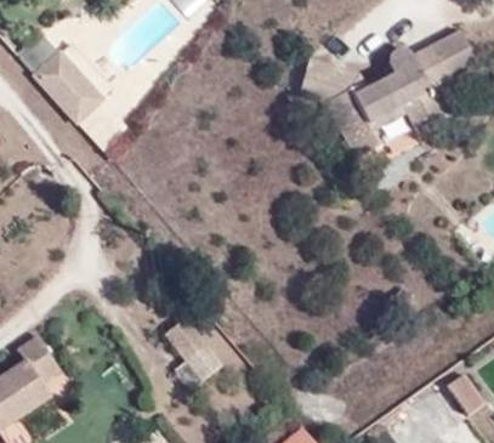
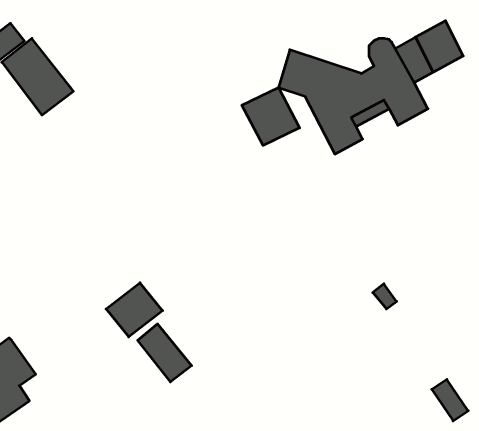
building: none -> [242,87,300,145]
building: none -> [106,283,163,337]

